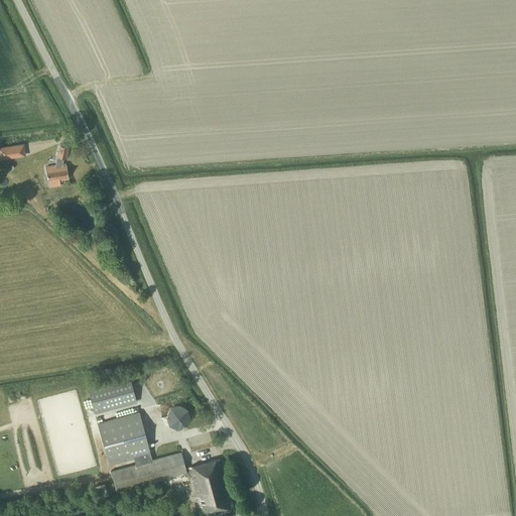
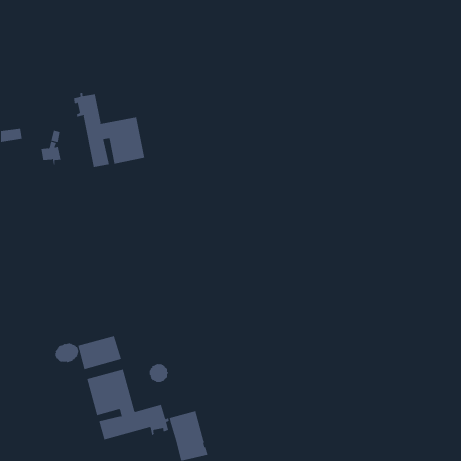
building: none -> [73,92,145,168]
building: none -> [55,343,79,363]

